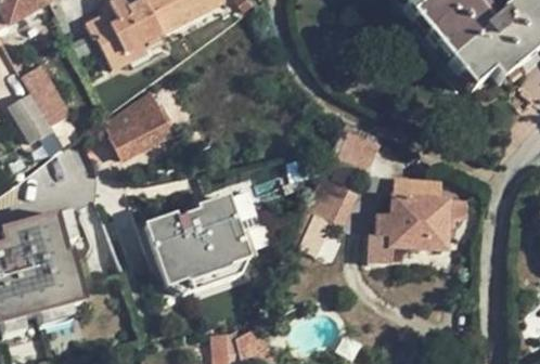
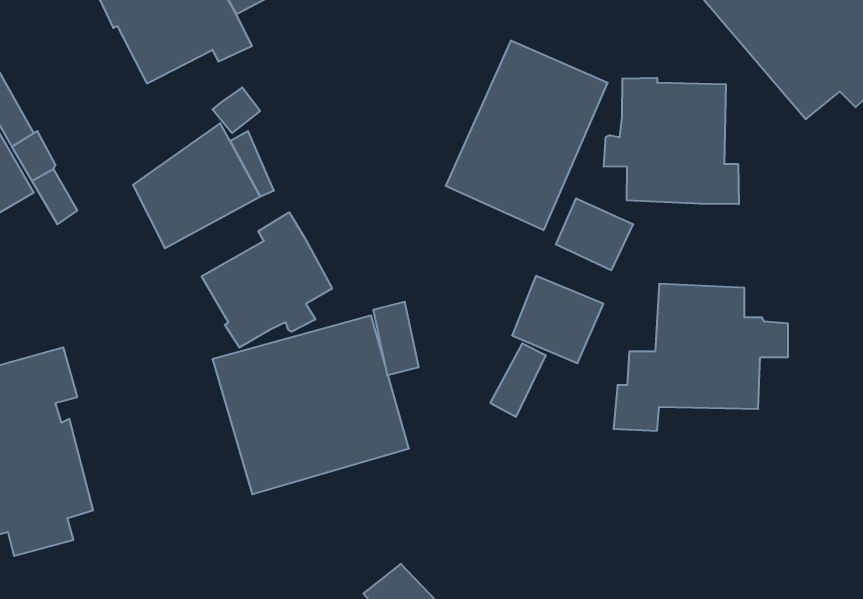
building: none -> [446,40,608,230]
building: none -> [604,78,739,204]
building: none -> [202,212,332,348]

